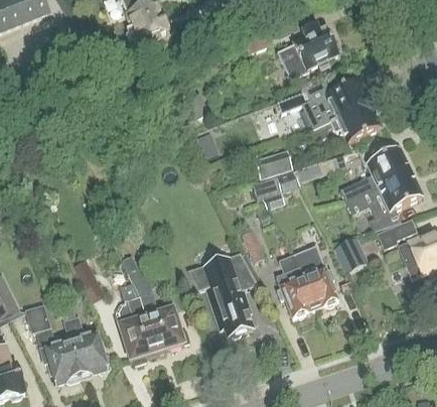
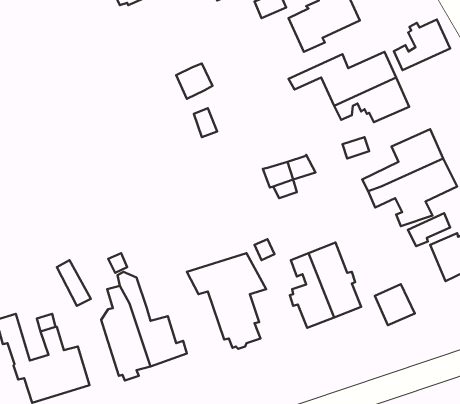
building: none -> [394,19,450,70]
building: [258,149,295,176] -> none
building: [336,237,371,272] -> [375,284,415,325]

